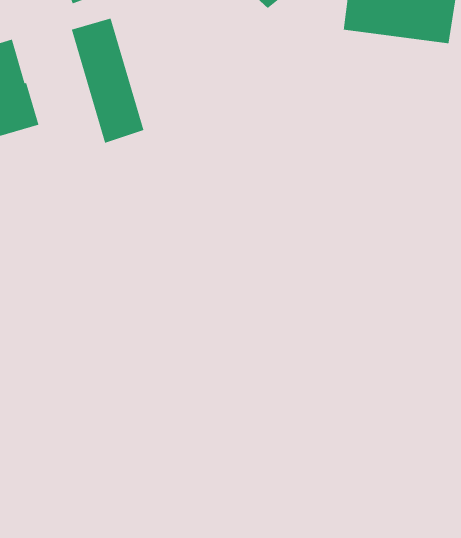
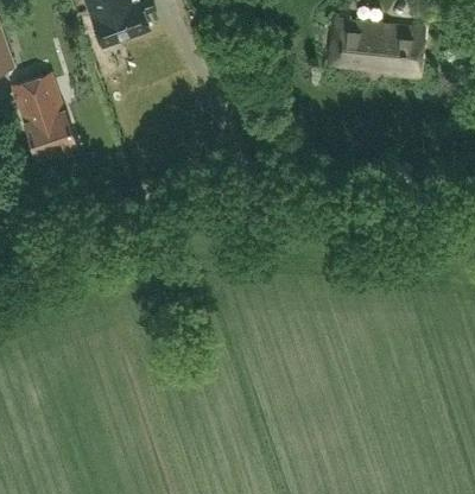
building: [71,18,145,144] -> none

